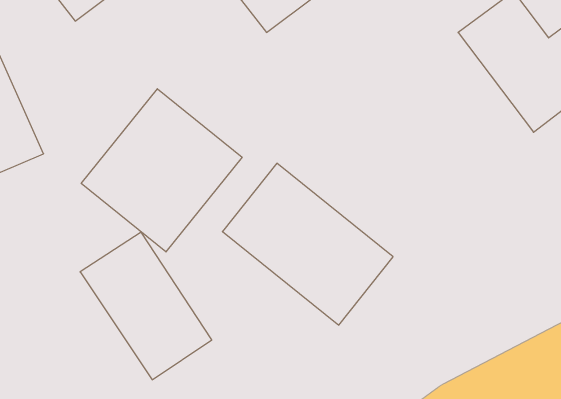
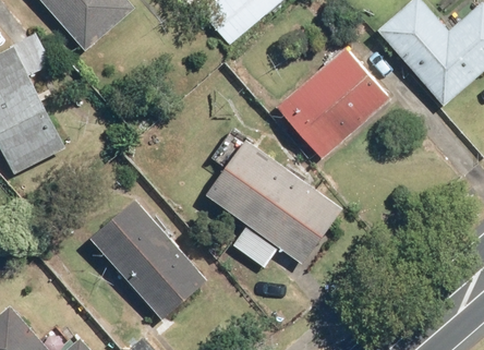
building: none -> [285,50,389,153]
building: [81,89,242,252] -> none

